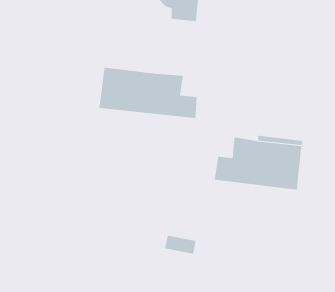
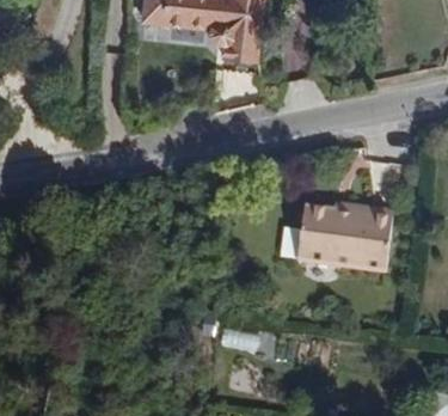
building: [99,67,197,119] -> none

